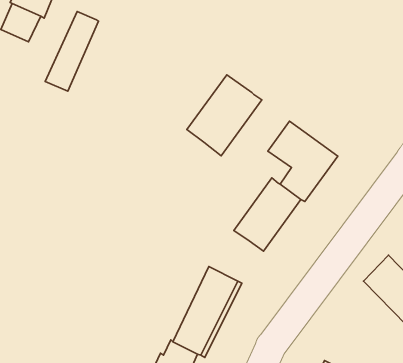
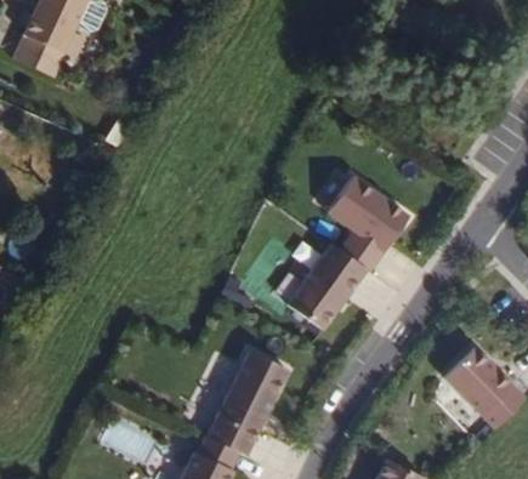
building: [45,11,99,91] -> none
building: [187,75,262,156] -> none

